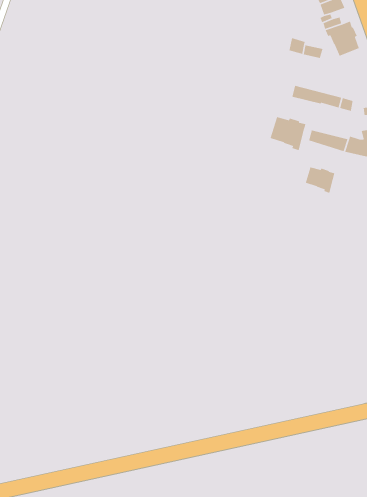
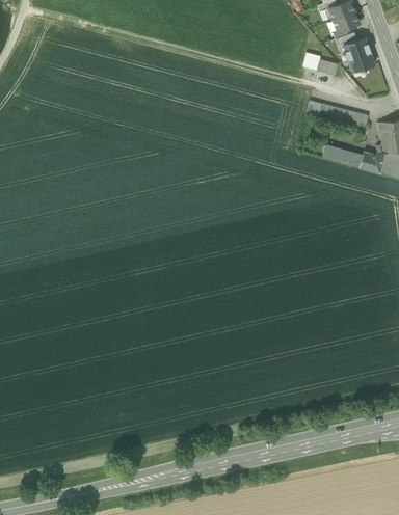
building: [270,116,307,151] -> none
building: [305,166,335,194] -> none

